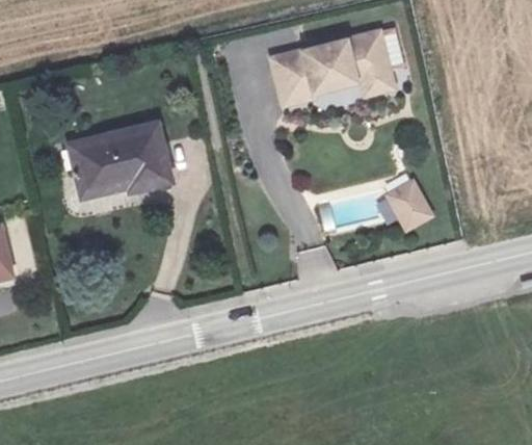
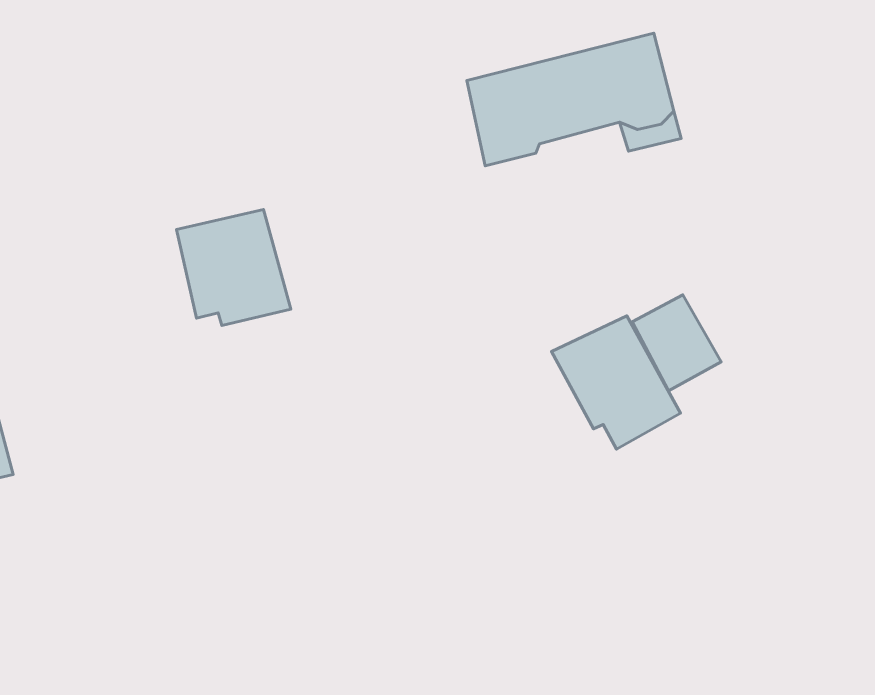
building: [71,139,122,201] -> none
building: none -> [551,316,681,449]

